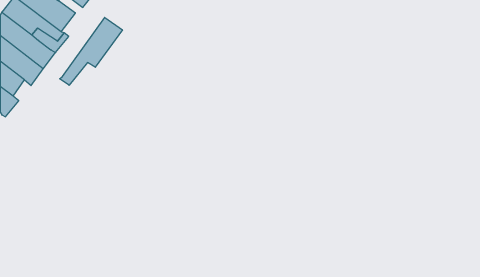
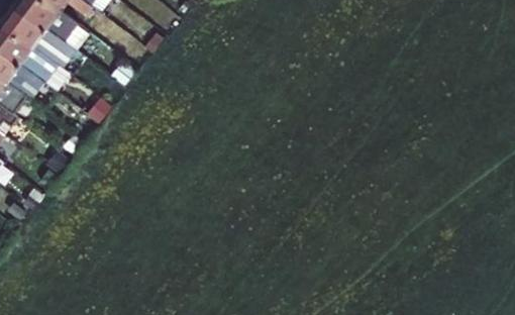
building: [60,17,122,85] -> none

